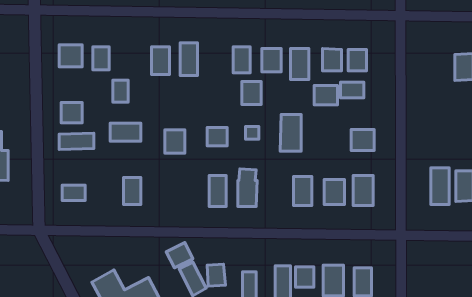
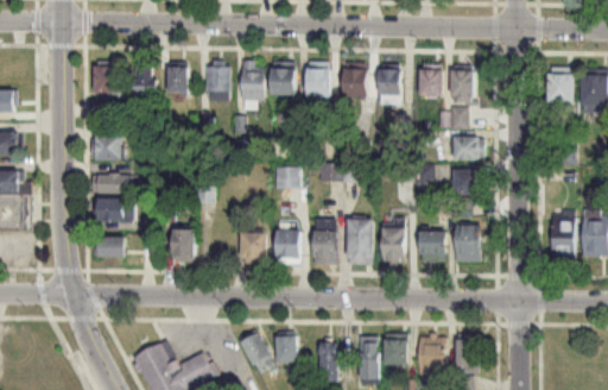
building: none -> [547,73,574,111]
building: [113,80,128,102] -> [166,65,185,93]
building: [242,81,261,104] -> [270,67,293,95]
building: [314,86,337,105] -> [452,136,481,159]
building: [280,115,301,151] -> [346,218,372,263]
building: [110,123,141,141] -> [95,197,133,220]
building: [165,130,185,153] -> [240,231,265,259]
building: [166,243,193,268] -> none

